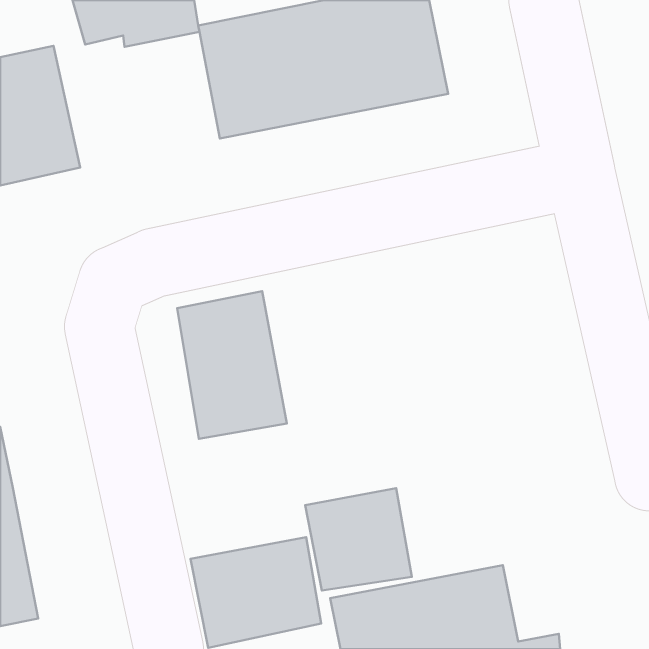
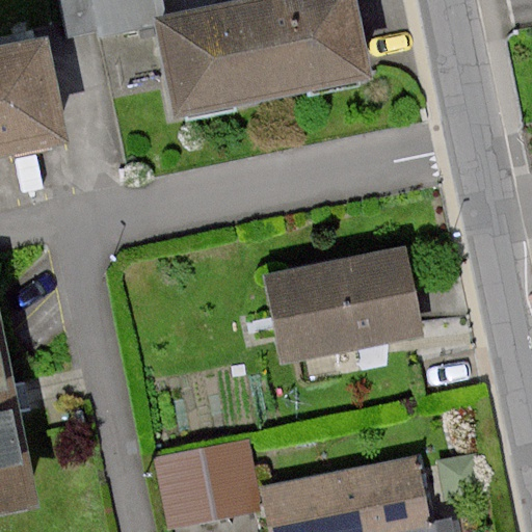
building: [177,291,287,439] -> none
building: none -> [270,252,418,356]
building: [305,488,412,591] -> none

